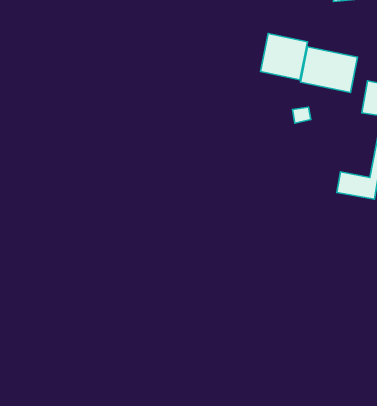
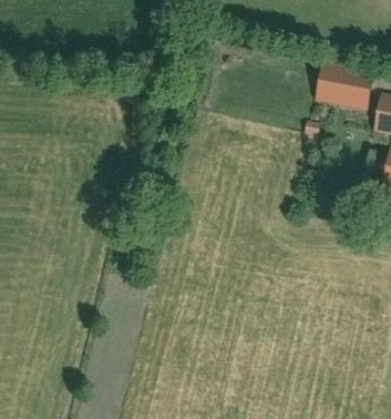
building: [260,34,307,80] -> none

